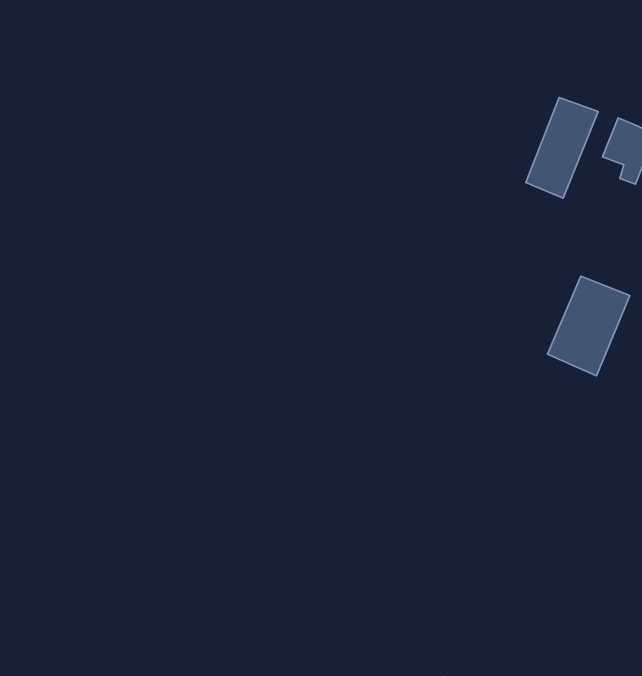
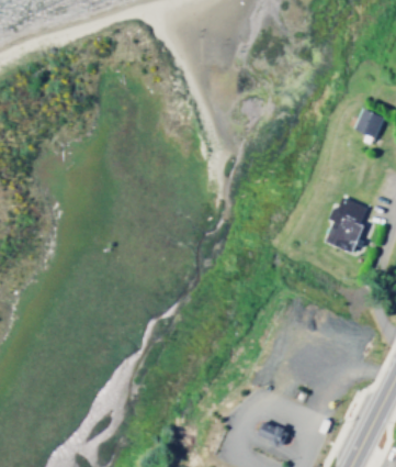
building: [526,97,598,198] -> none

